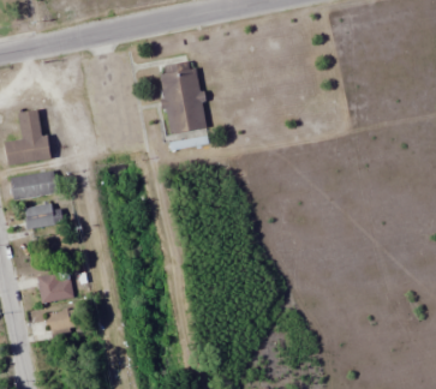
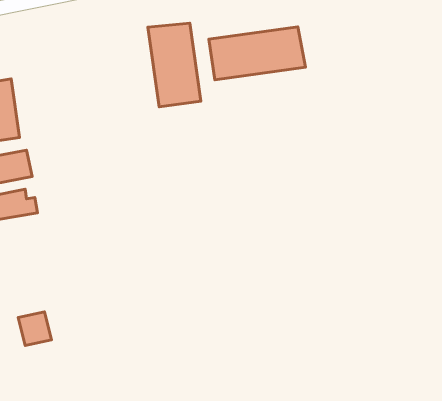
building: none -> [209,27,305,80]
building: [37,271,72,303] -> none

